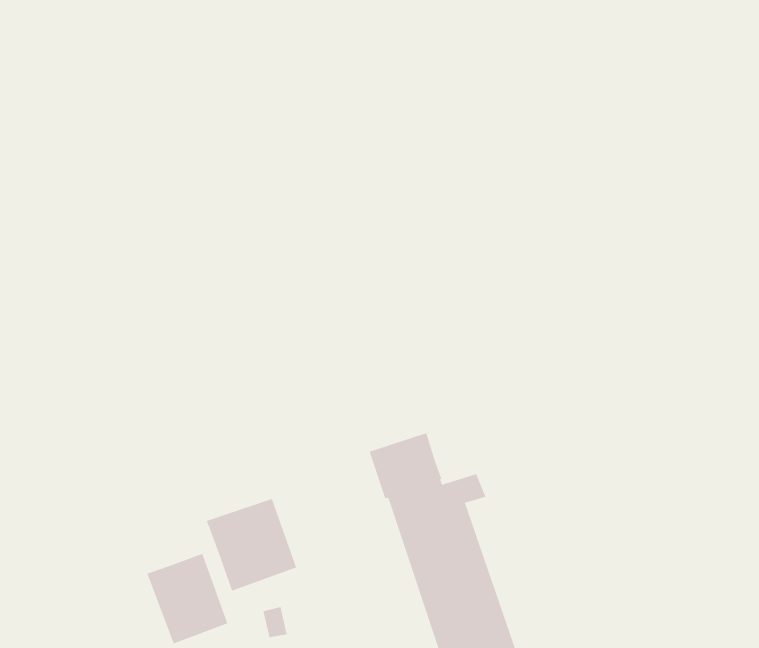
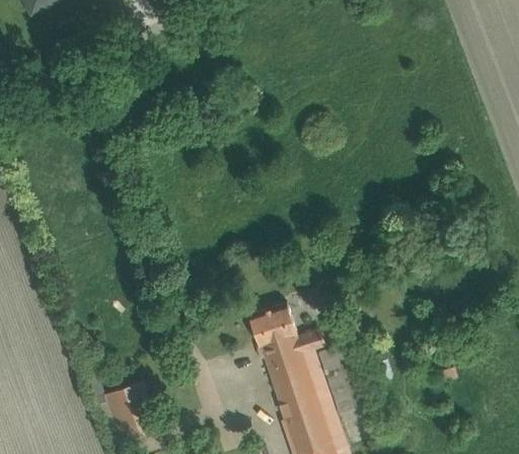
building: [206,498,297,592] -> none

